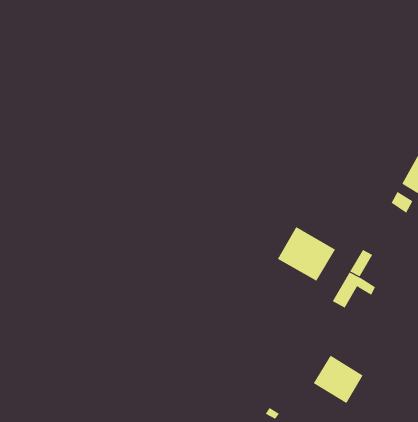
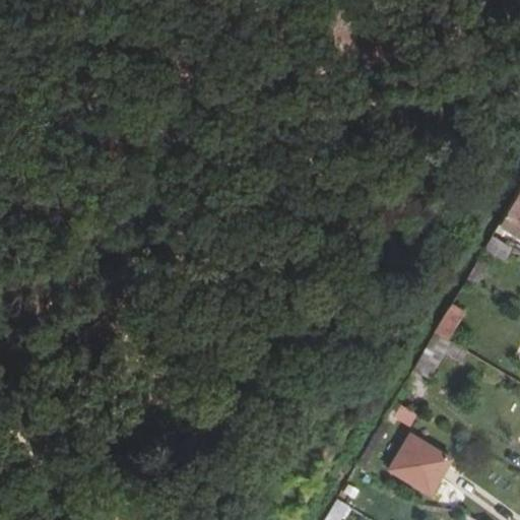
building: [277,226,336,281] -> none

